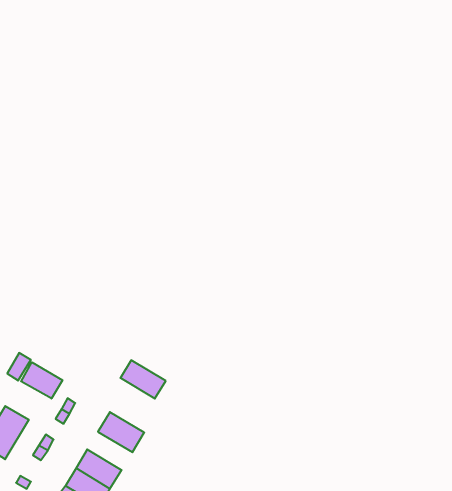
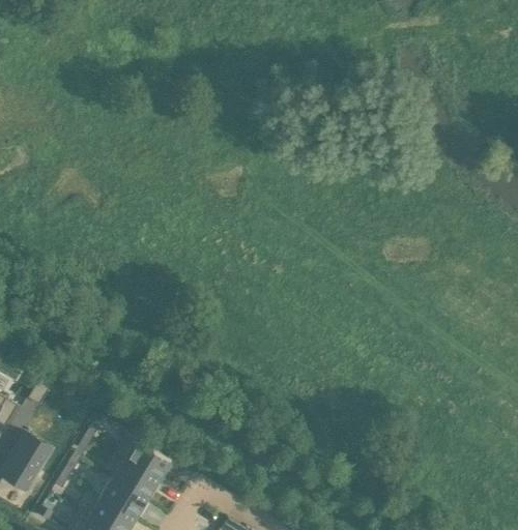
building: [120,360,166,399] -> [111,462,159,502]
building: [21,362,62,399] -> none

